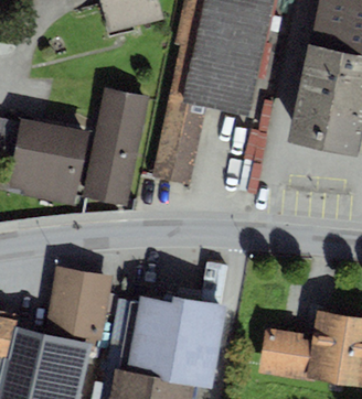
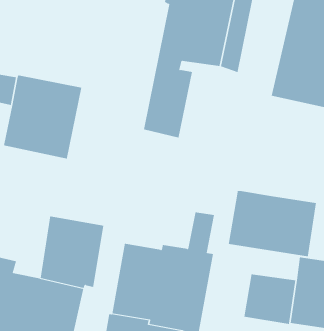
building: [82,88,150,206] -> none
building: none -> [228,190,316,257]

